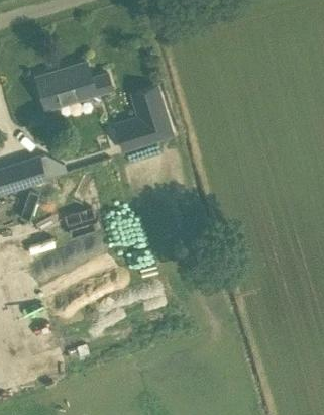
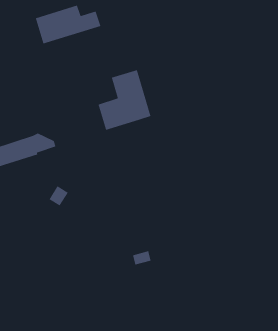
building: [36,64,112,109] -> [35,4,102,44]

